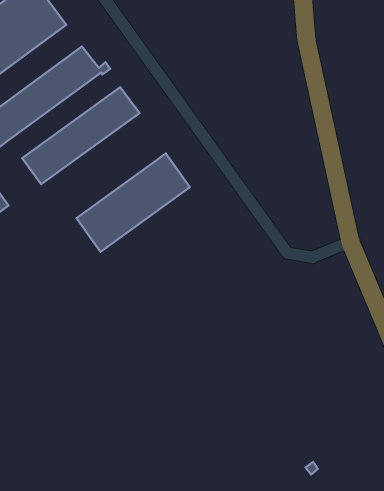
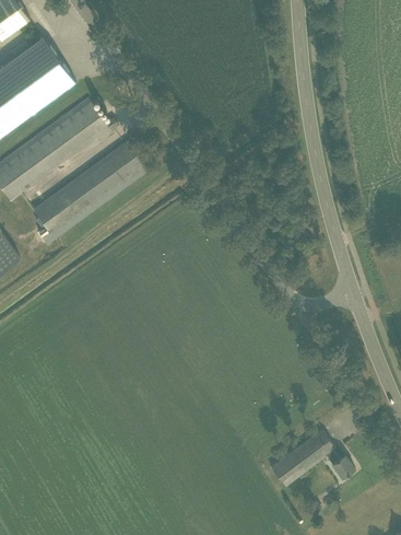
building: [76,154,190,252] -> none
building: none -> [271,429,355,486]

